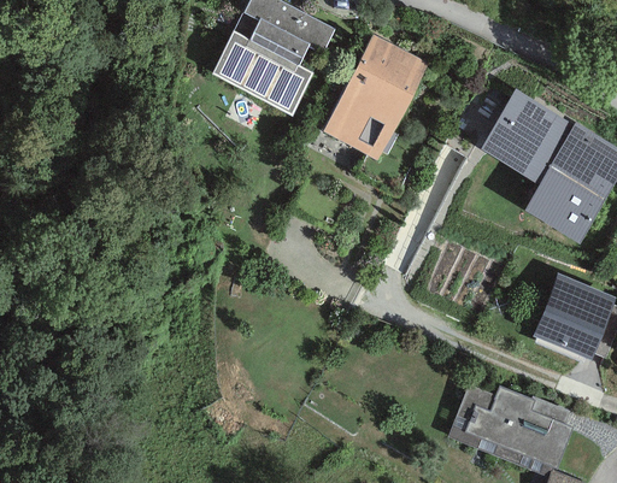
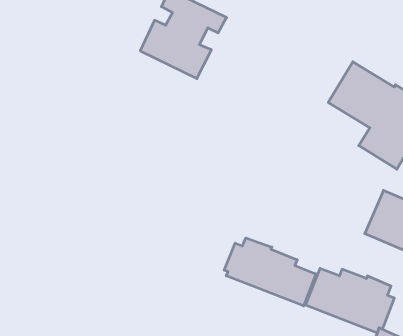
building: [323,34,429,160] -> none
building: none -> [224,238,316,306]

